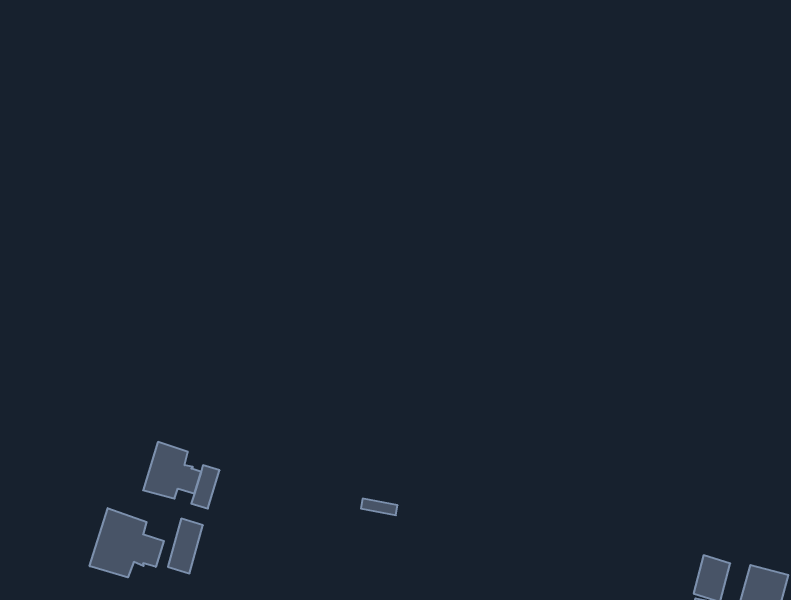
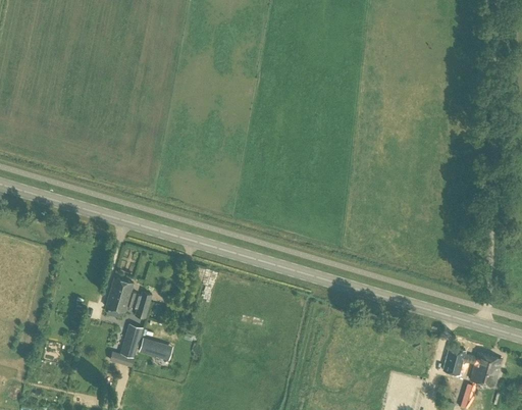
building: [90,508,164,577] -> none
building: none -> [138,340,171,362]

